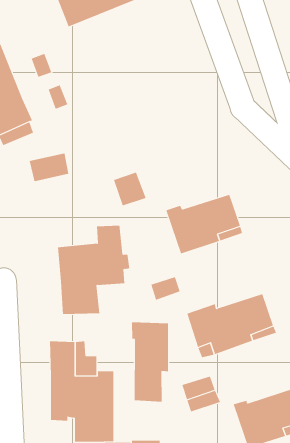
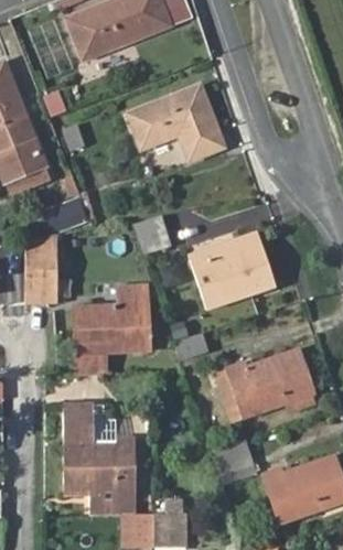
building: none -> [129,83,226,160]
building: none -> [25,236,52,304]
building: [132,321,169,403] -> none

